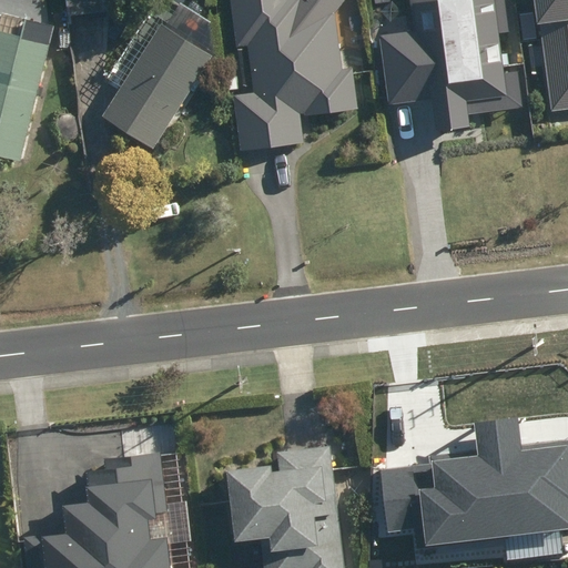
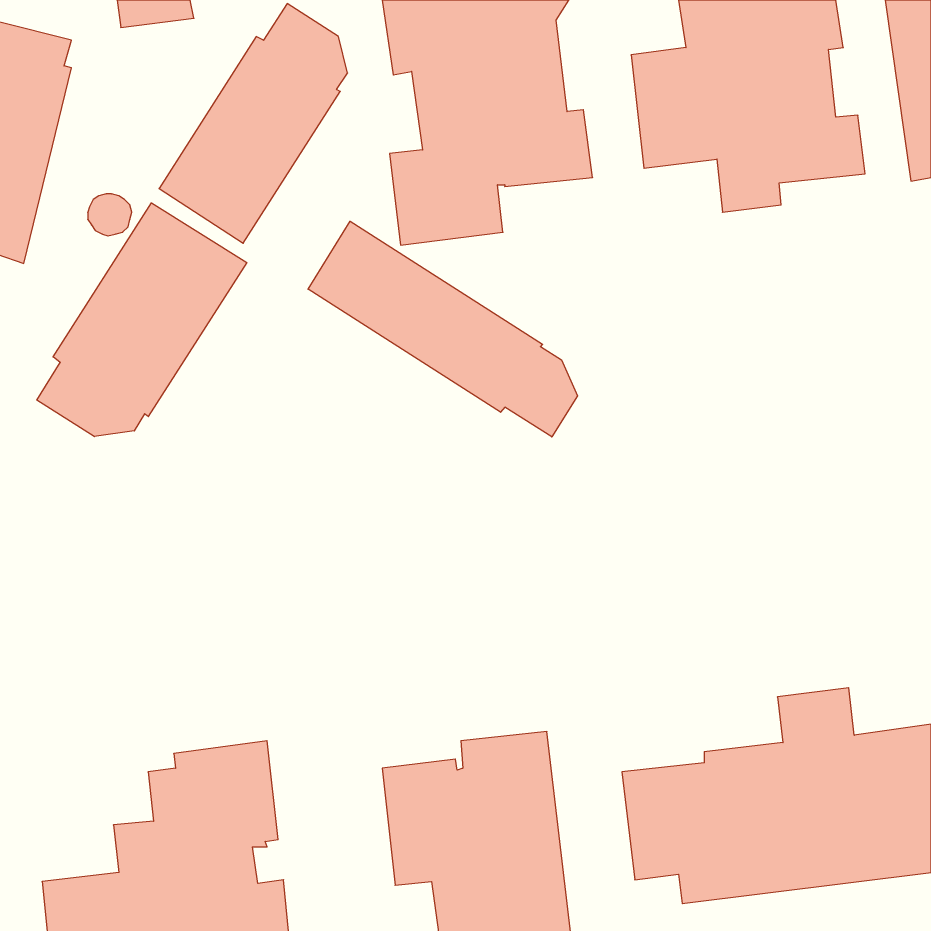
building: none -> [37,203,247,437]
building: none -> [308,221,578,437]

